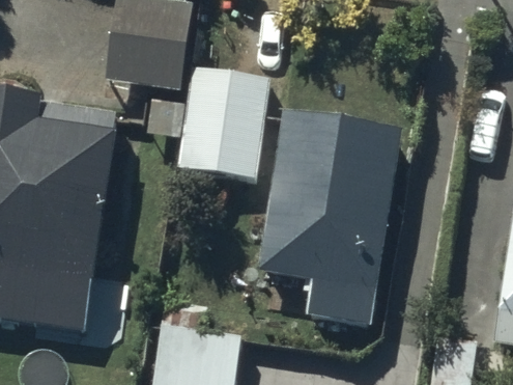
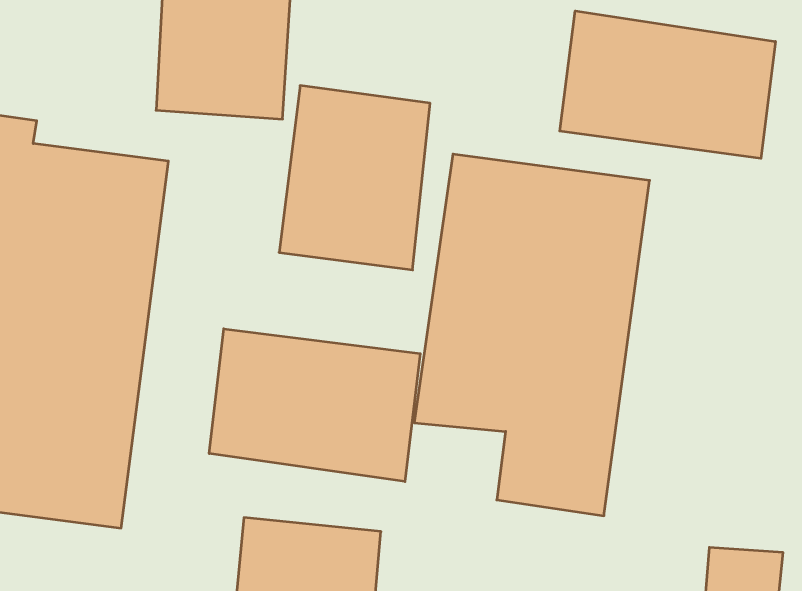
building: none -> [560,11,775,158]
building: none -> [209,329,420,482]

